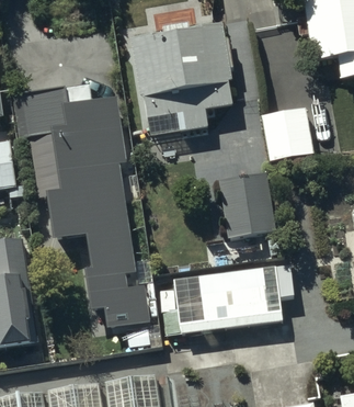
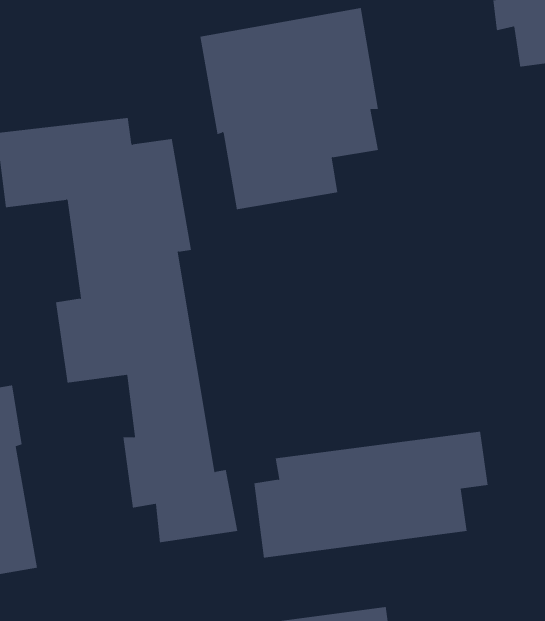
building: [260,106,312,162] -> none
building: [219,172,274,237] -> none

